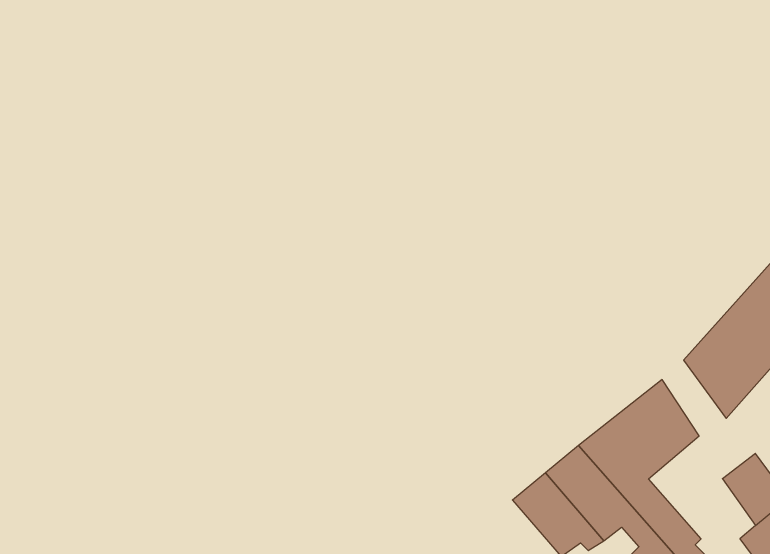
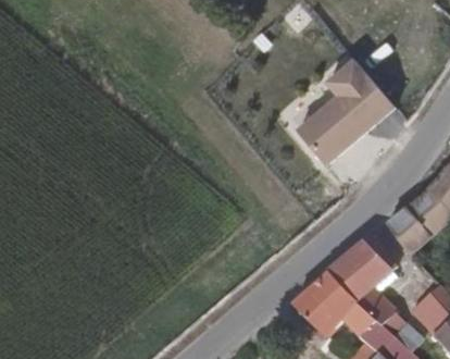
building: none -> [297,58,399,168]

